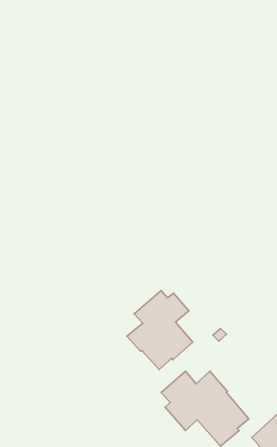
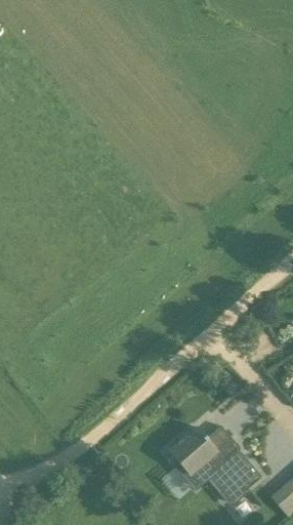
building: [127,290,193,370] -> none

